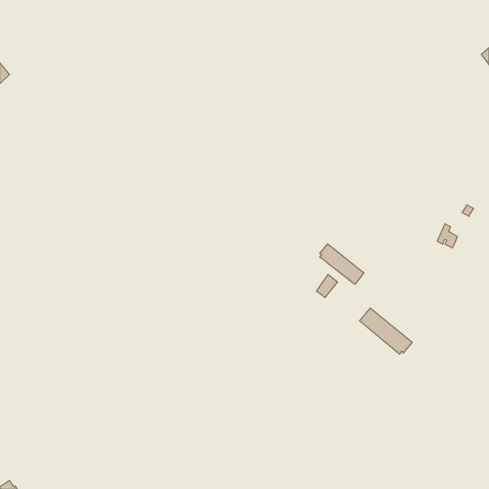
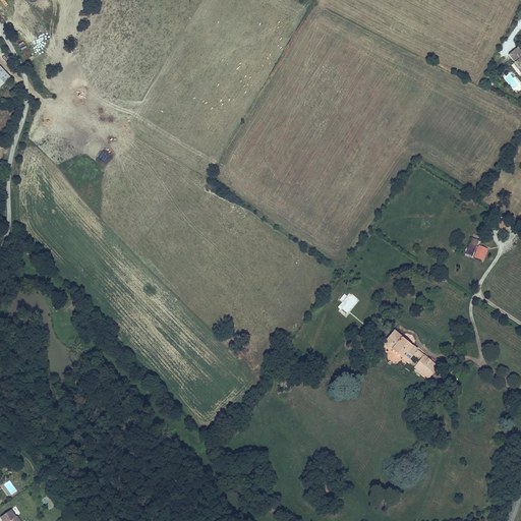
building: [320,244,364,284] -> none

